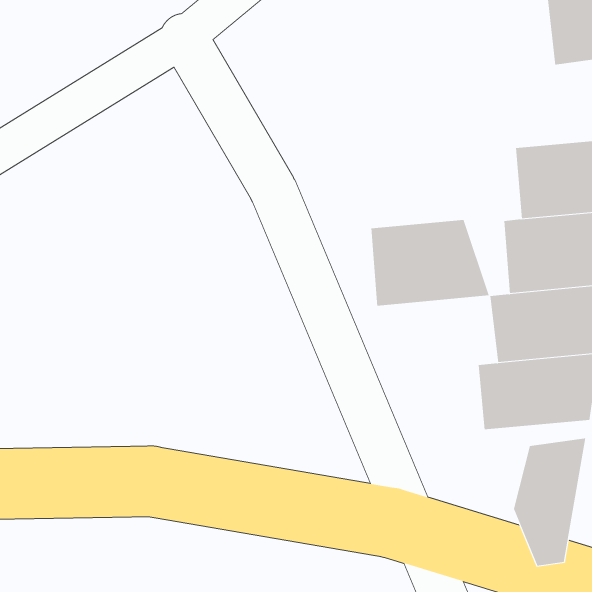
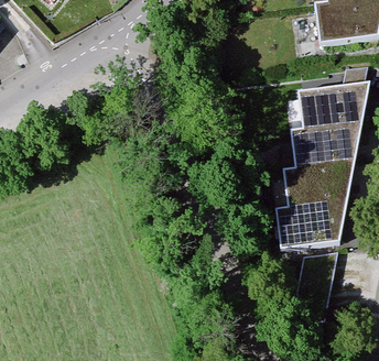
building: [371,219,490,306] -> none

